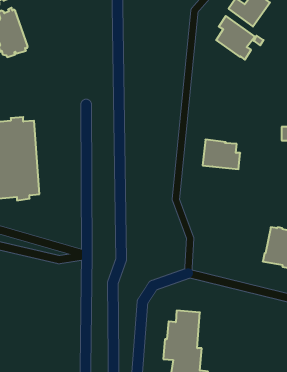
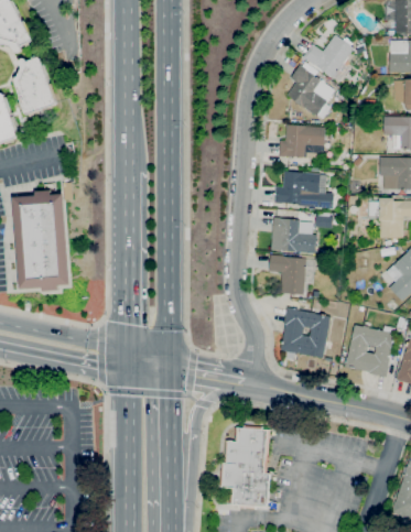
building: none -> [278,124,324,159]
building: none -> [273,171,320,207]
building: none -> [269,254,305,294]
building: none -> [280,303,331,359]

